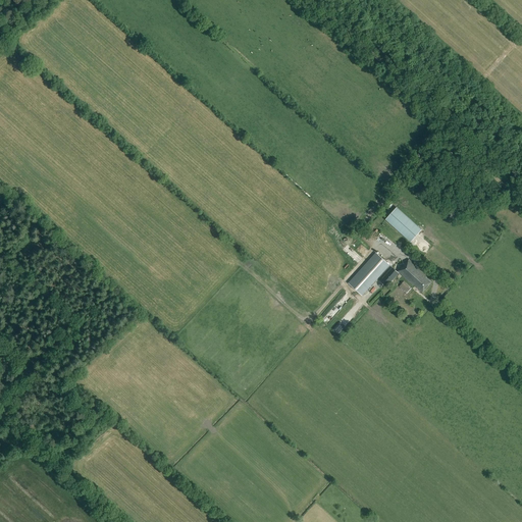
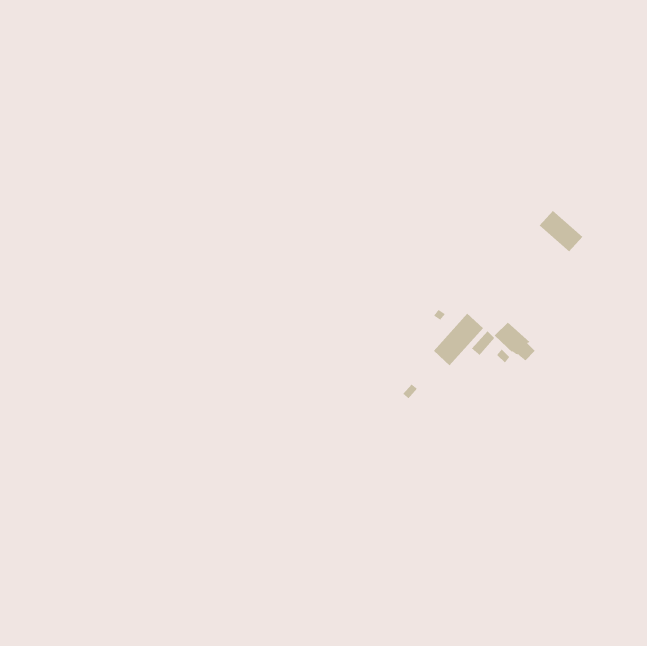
building: [385,207,421,241] -> [539,210,583,252]

